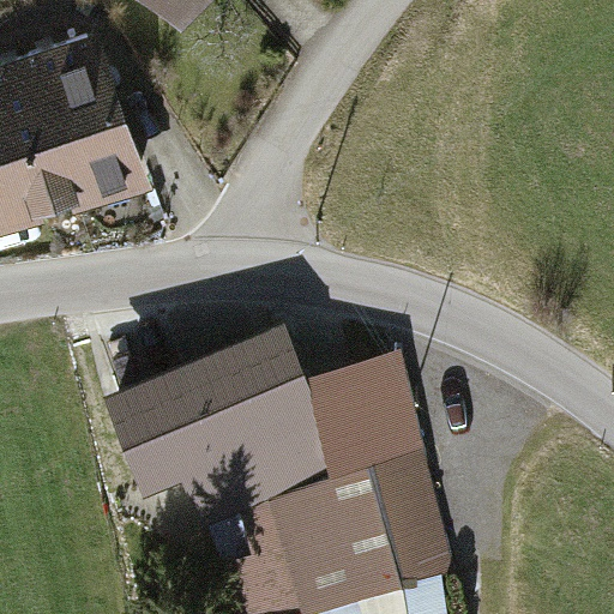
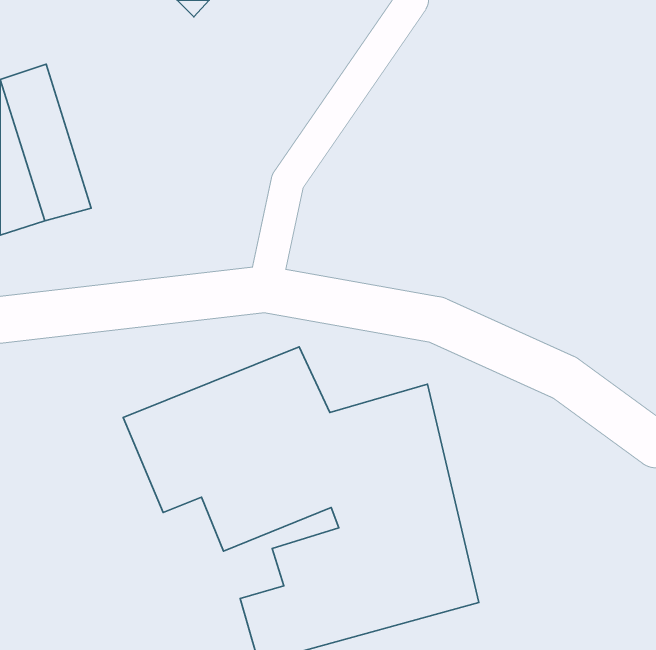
building: [43,49,140,200] -> none

